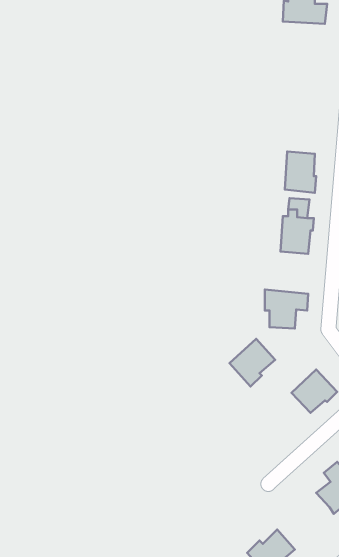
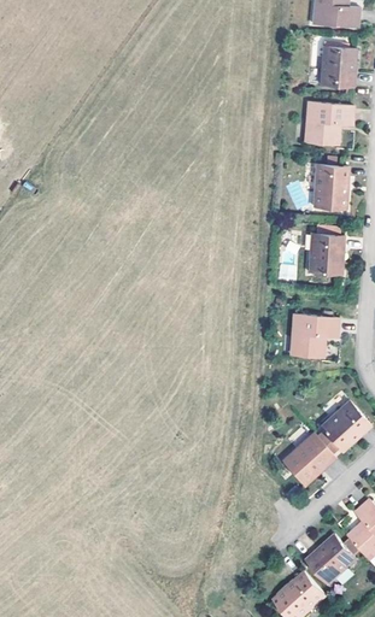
building: none -> [321,46,355,88]
building: none -> [304,101,351,145]
building: [229,339,275,386] -> [283,434,333,486]
building: none -> [306,535,357,584]

